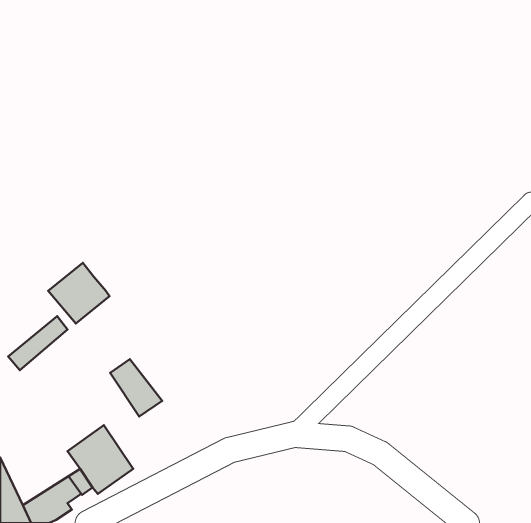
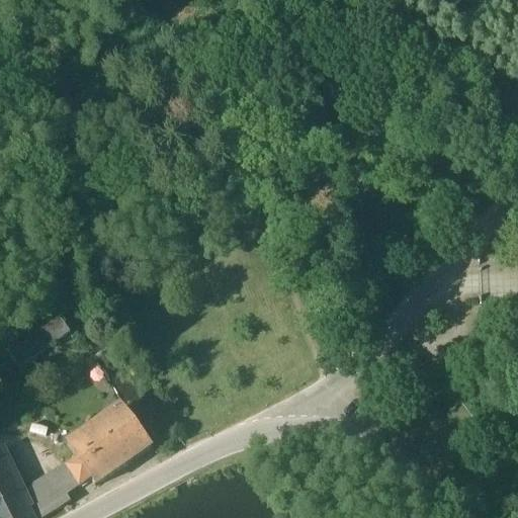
building: [48,263,110,324] -> none
building: [110,359,162,417] -> [101,401,152,456]

